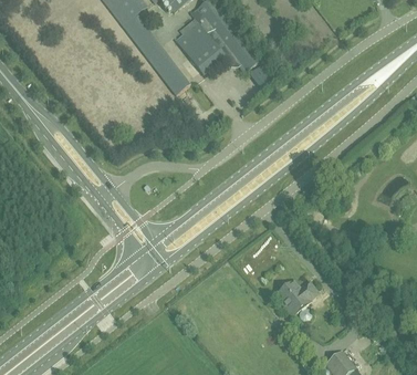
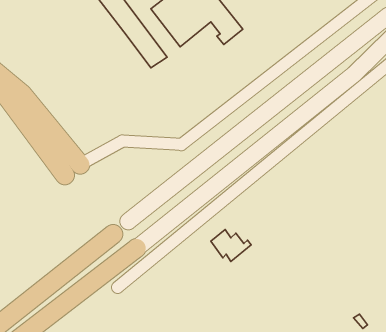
building: [274,282,312,312] -> [211,230,251,261]

